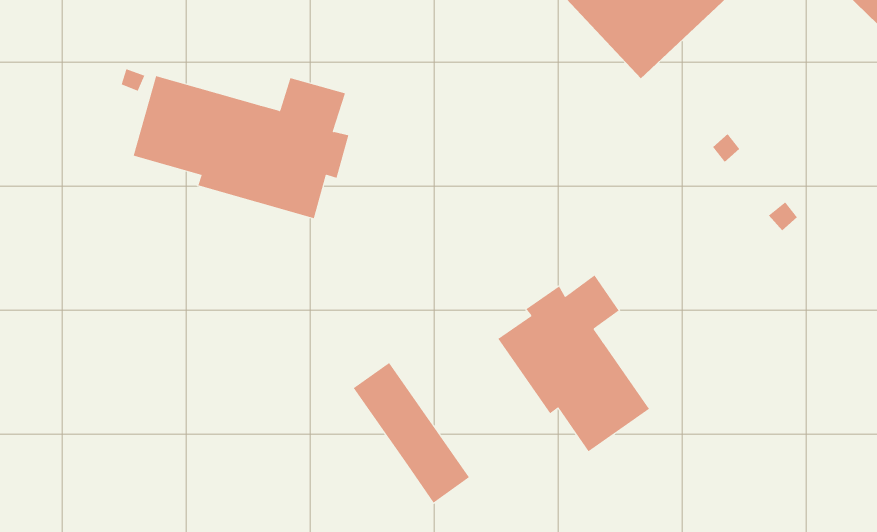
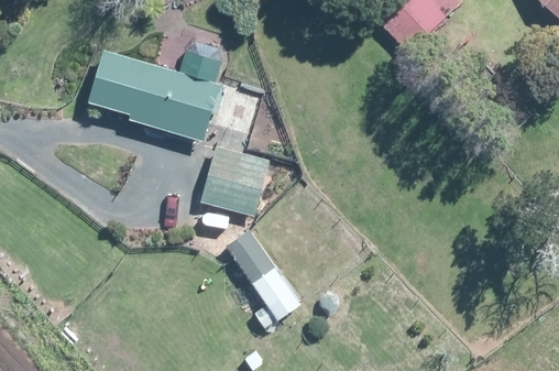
building: none -> [202,146,271,225]
building: [497,275,650,452] -> none

